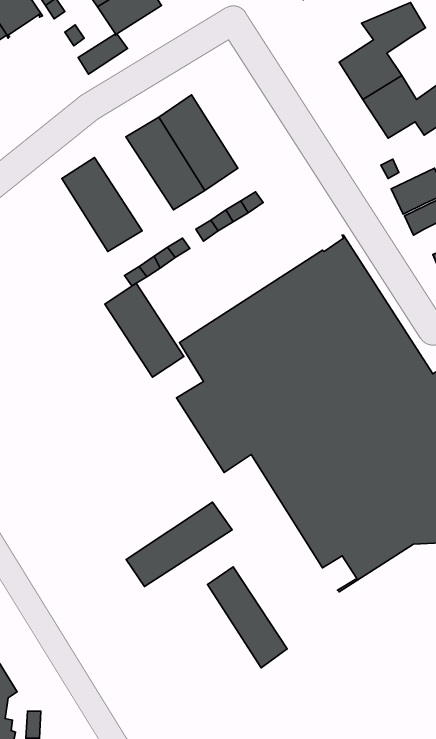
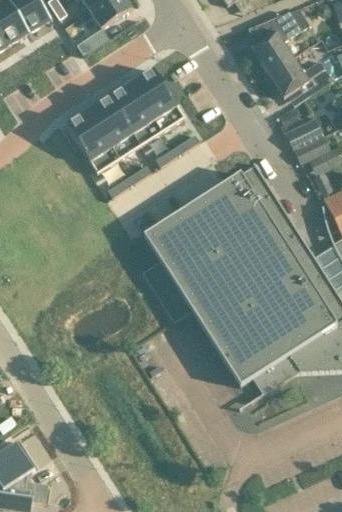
building: [105,283,184,377] -> [86,96,139,159]
building: [126,502,232,586] -> none
building: [207,567,287,668] -> none

